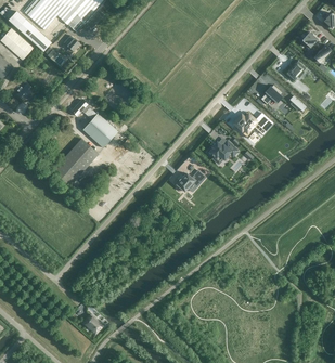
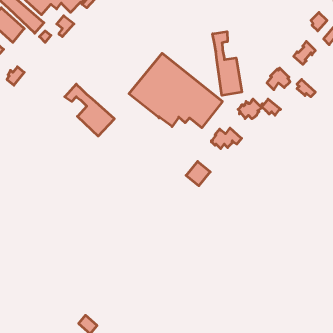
building: none -> [213,32,242,95]
building: none -> [129,53,222,128]
building: [52,138,98,185] -> none

